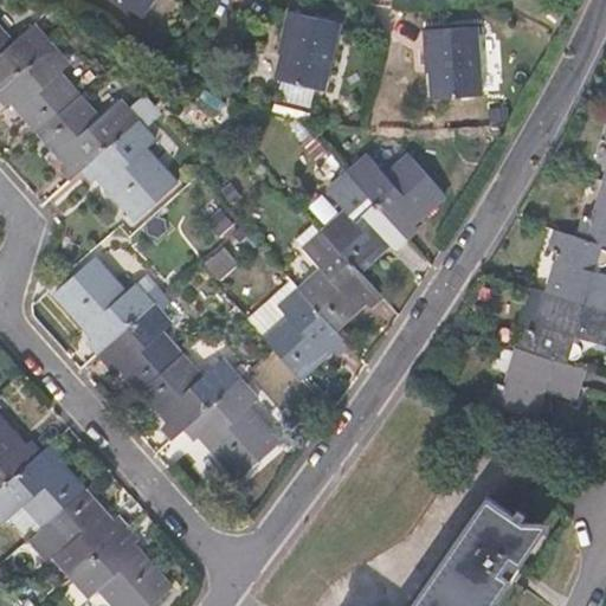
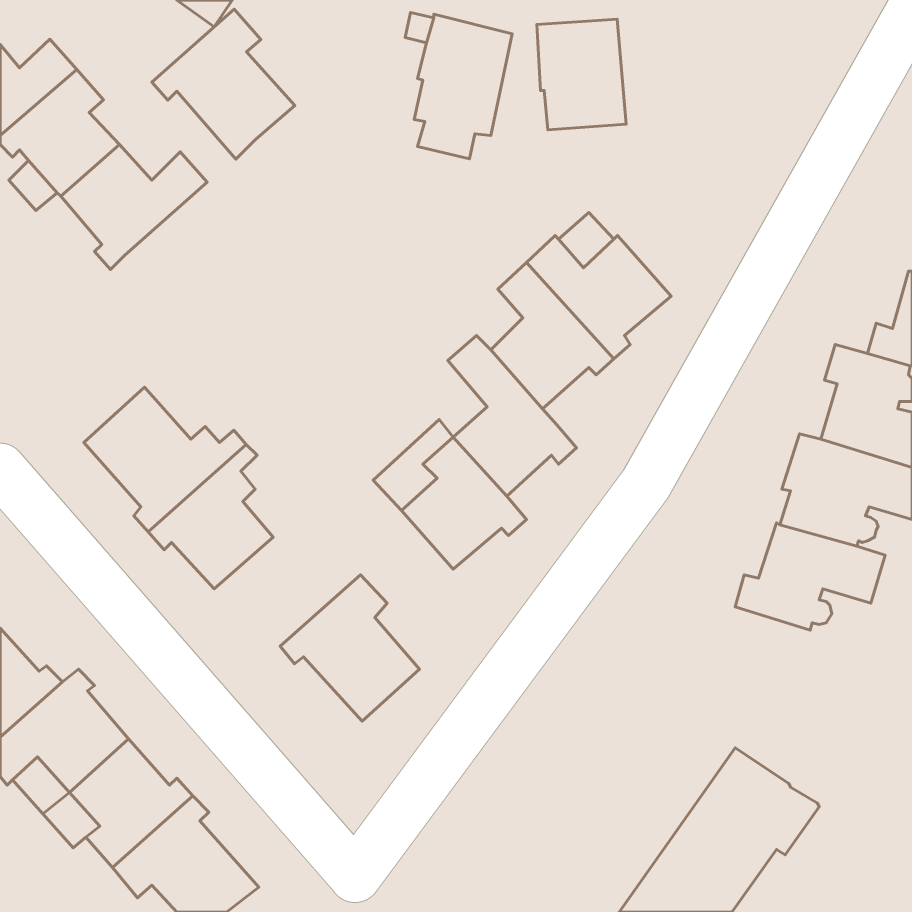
building: [424,25,483,98] -> [537,19,626,130]
building: [83,121,178,220] -> [152,9,295,159]
building: [142,356,239,438] -> none

